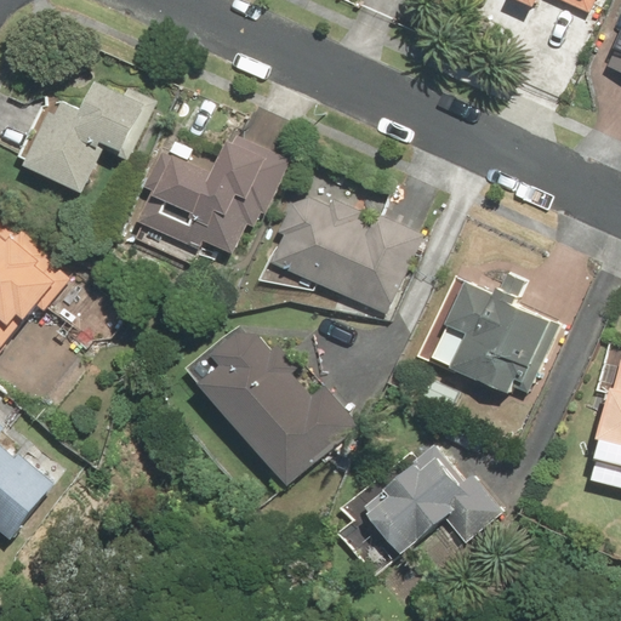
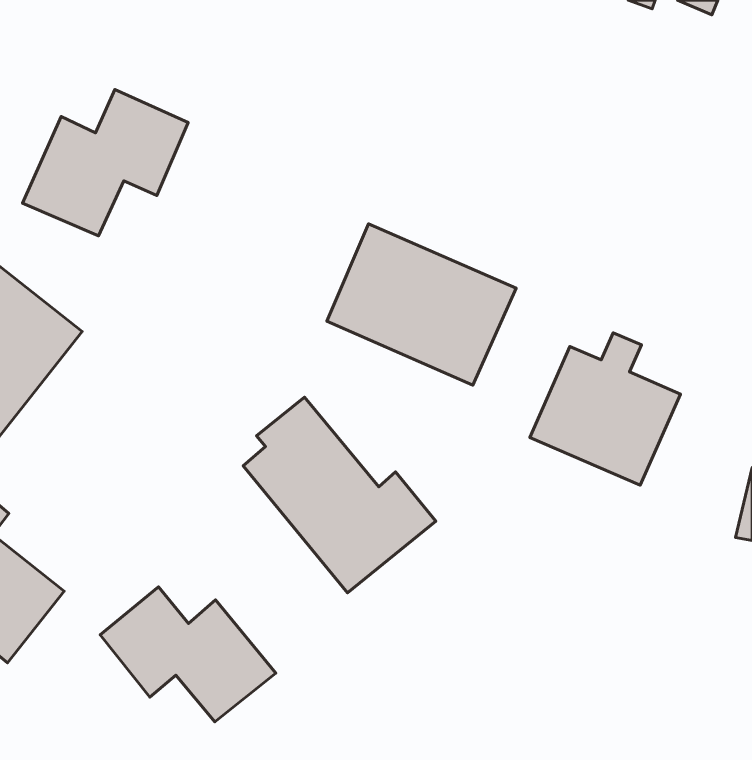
building: [125,136,281,261] -> none
building: [355,445,498,552] -> none
building: none -> [100,587,276,722]

